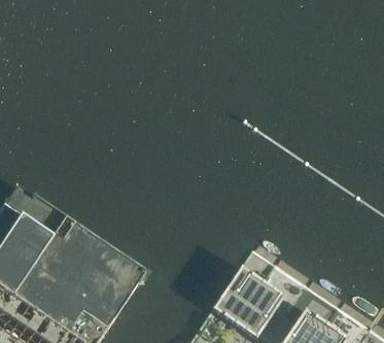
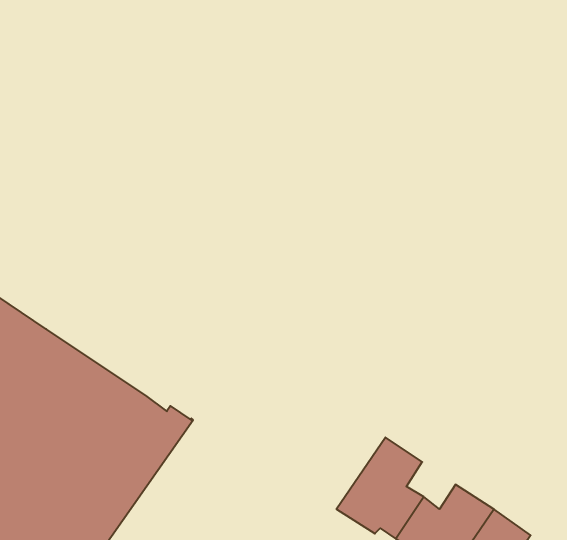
building: [213,266,264,323] -> none

